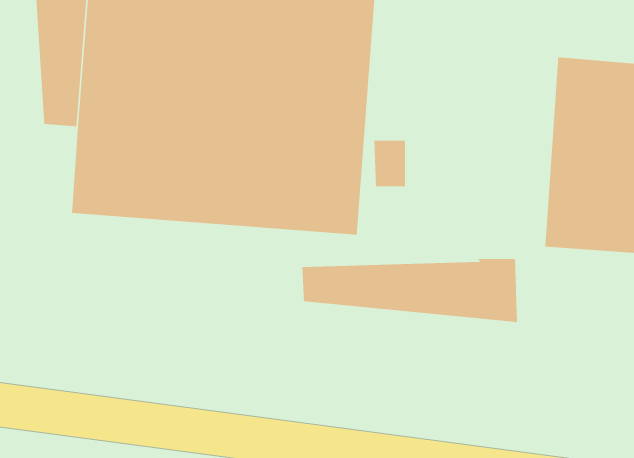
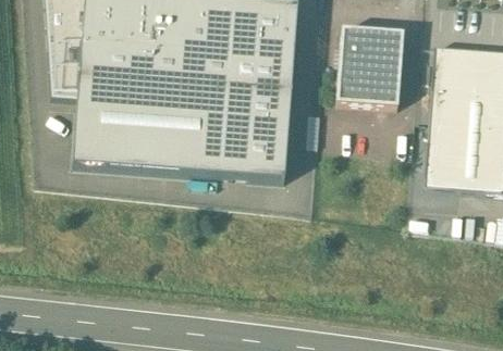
building: none -> [339,25,406,103]
building: [302,258,517,323] -> none

